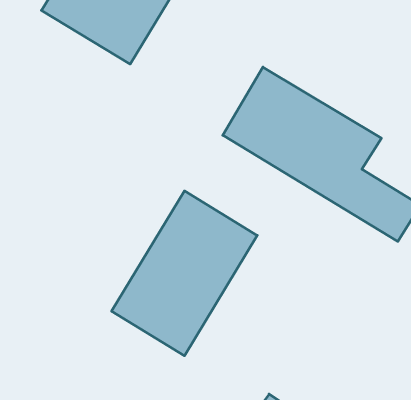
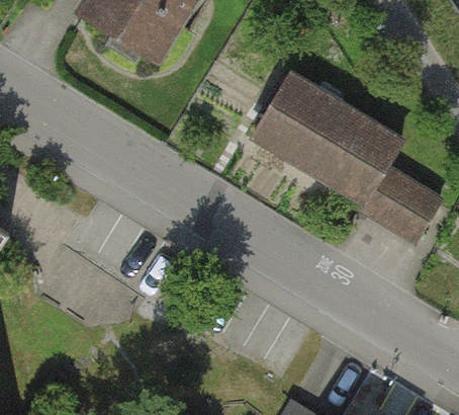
building: [112,191,257,356] -> none

